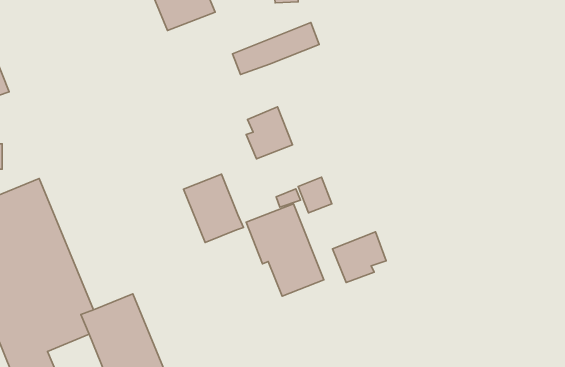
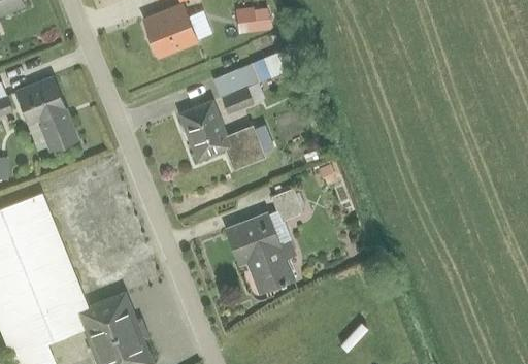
building: none -> [13,78,77,151]
building: none -> [220,87,253,113]
building: [183,174,243,242] -> [177,100,231,161]
building: [333,232,386,282] -> none

